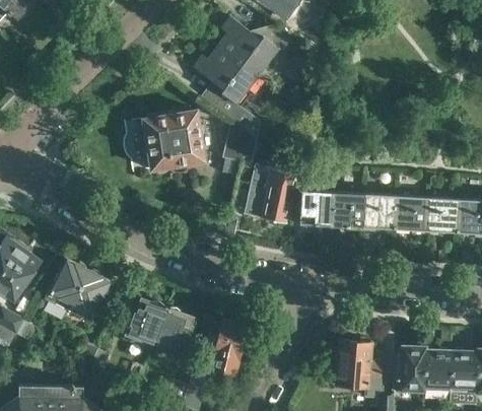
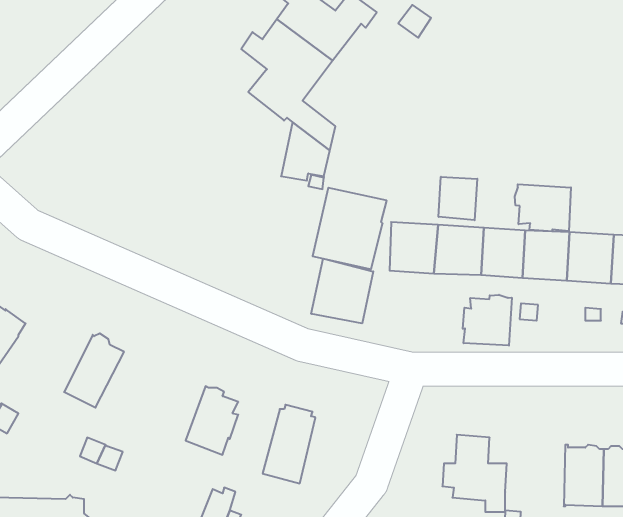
building: [134,111,204,174] -> none
building: none -> [439,177,477,220]
building: none -> [515,184,571,231]
building: none -> [311,259,373,323]
building: none -> [463,295,512,346]
building: [45,260,87,311] -> none
building: [125,299,167,345] -> none
building: [393,347,423,392] -> none

